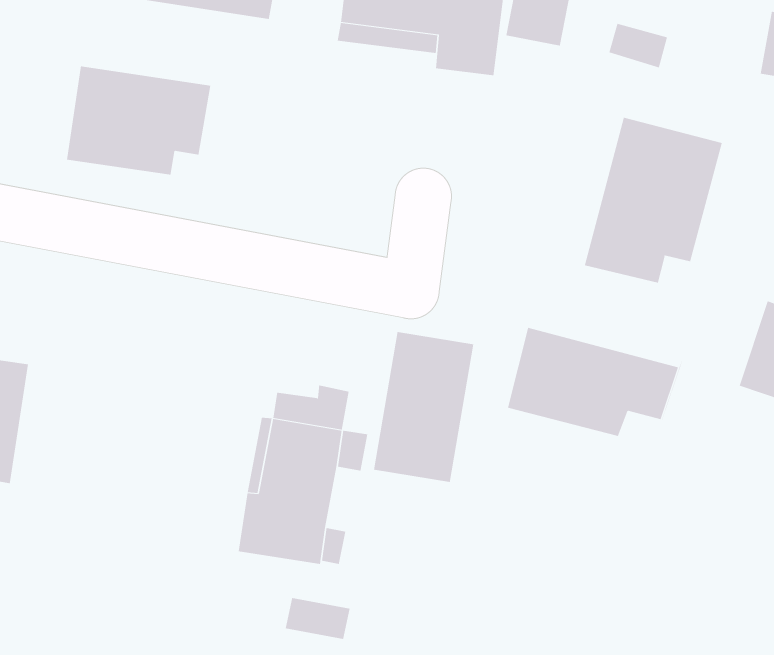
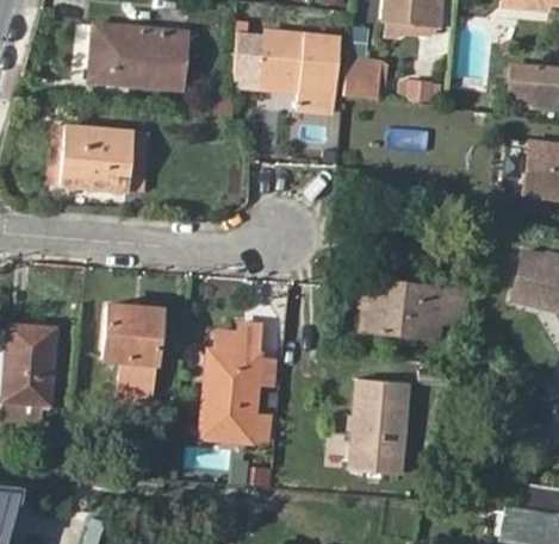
building: [584,117,722,284] -> none
building: [373,332,474,482] -> [352,377,409,470]
building: none -> [103,301,160,396]

